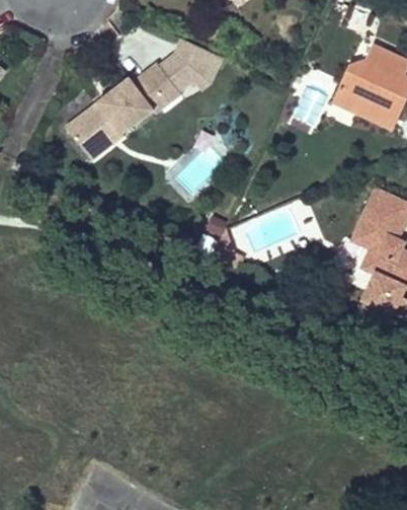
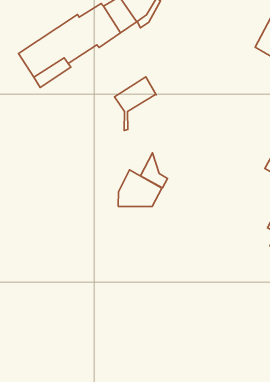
building: none -> [114,77,156,130]
building: none -> [118,170,162,207]

